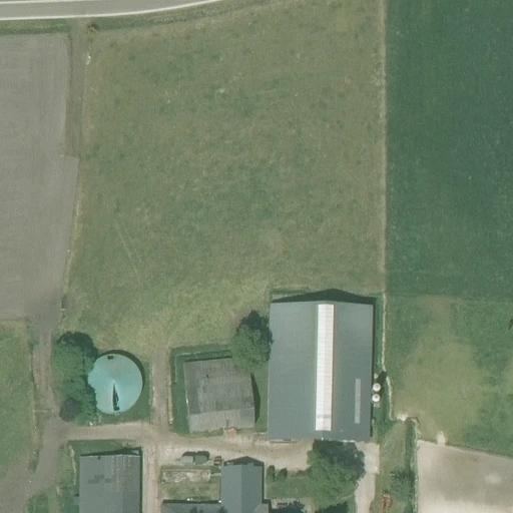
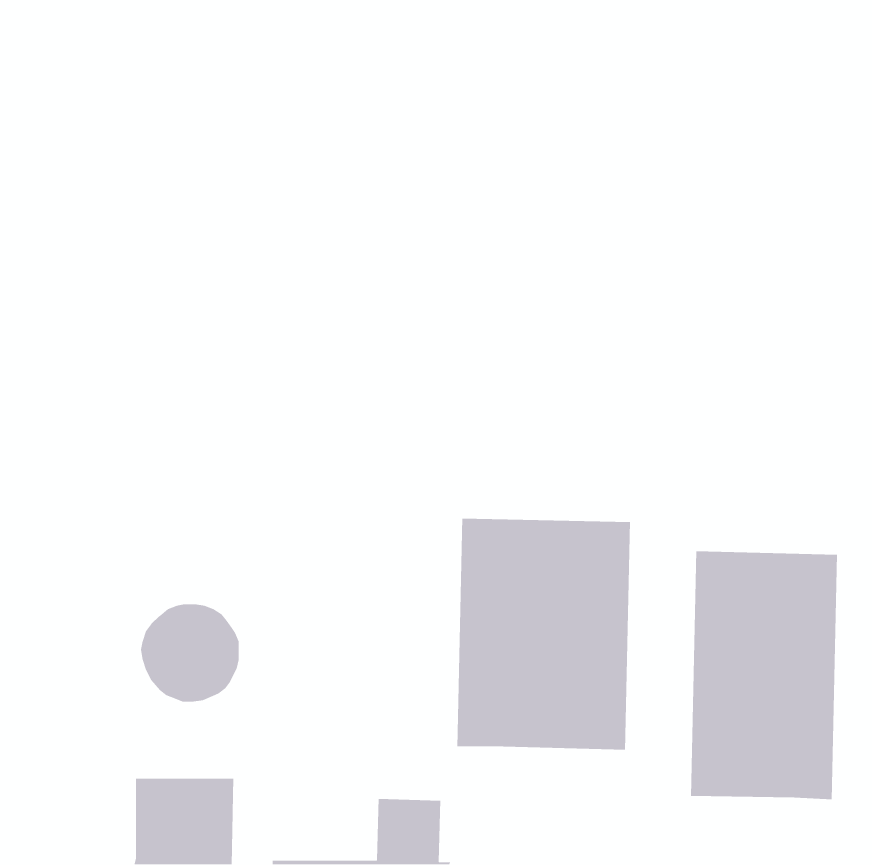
building: none -> [690,551,838,800]
building: [184,357,252,430] -> none

